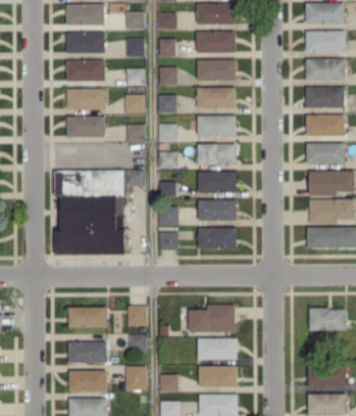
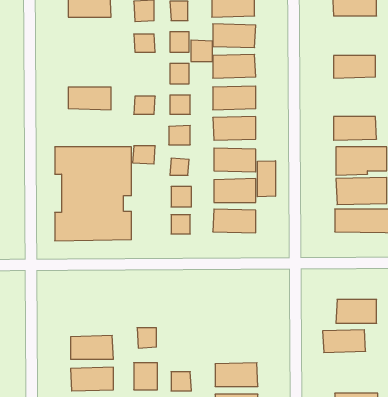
building: [66,59,105,81] -> none
building: [306,59,345,81] -> none
building: [66,88,105,109] -> none
building: [124,94,144,113] -> [191,40,212,61]
building: [306,114,345,136] -> none
building: none -> [258,161,275,197]
building: [188,305,235,332] -> none
building: [126,306,146,326] -> none
building: [68,307,106,328] -> none
building: [197,338,237,360] -> none
building: [307,366,346,386] -> [323,330,366,352]

